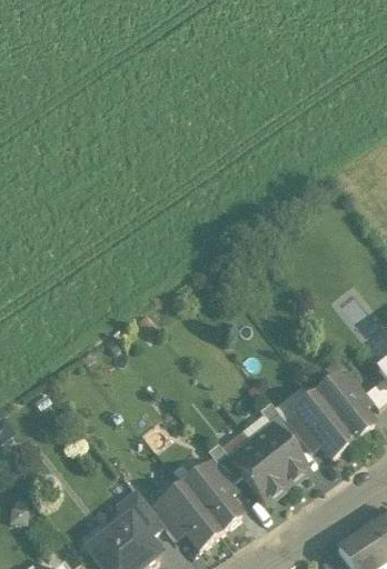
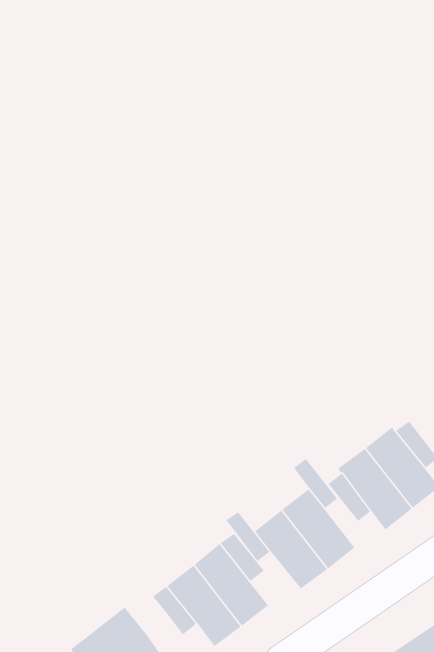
building: [118,489,163,537] -> none

